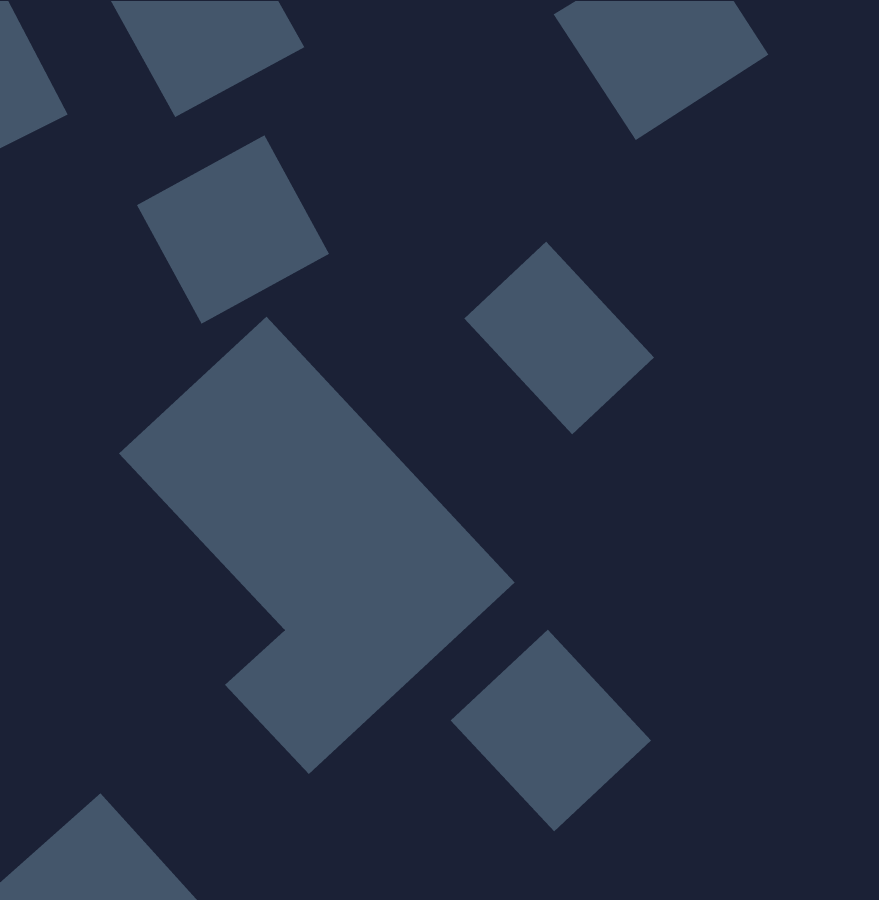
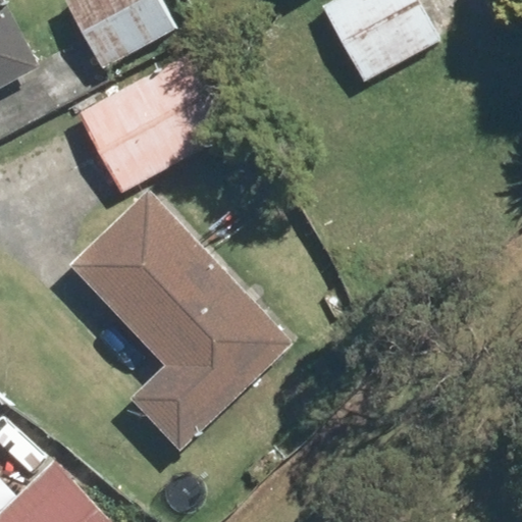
building: [464,241,655,435] -> none
building: [450,629,652,832] -> none

